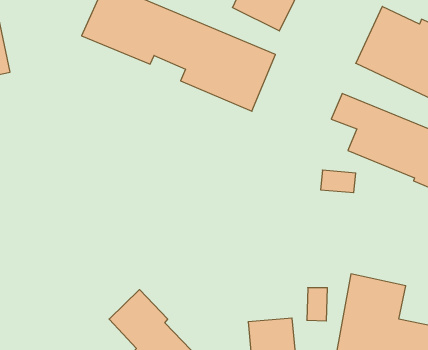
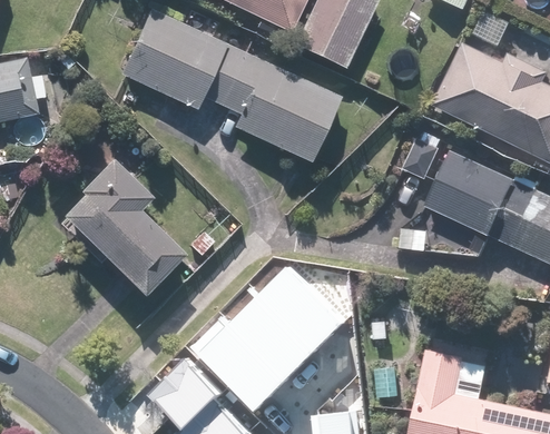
building: none -> [55,158,188,294]
building: none -> [188,249,354,415]

